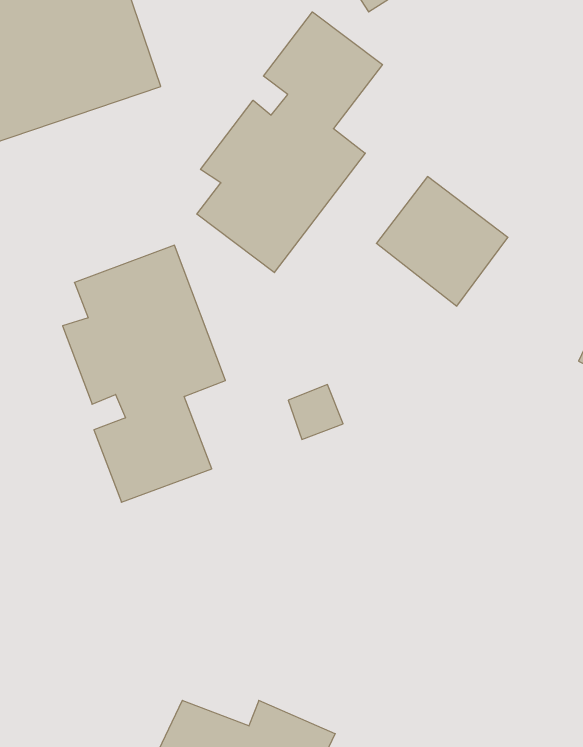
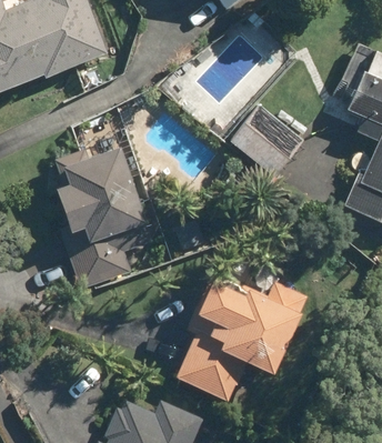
building: [197,12,382,273] -> none
building: none -> [175,272,308,403]

